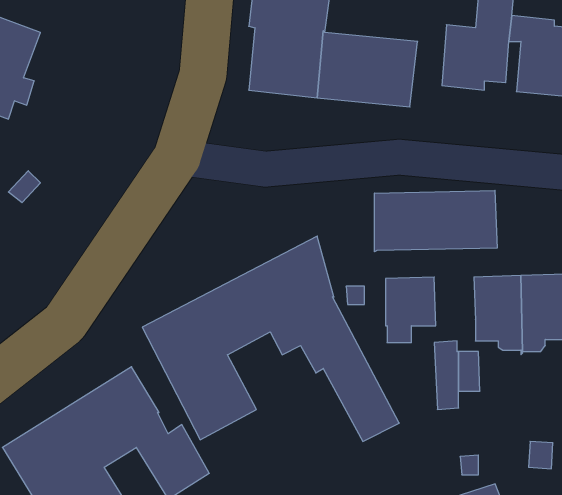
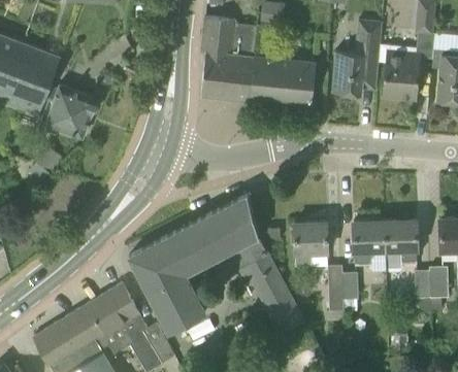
building: none -> [43,84,98,137]
building: [375,190,497,252] -> none

